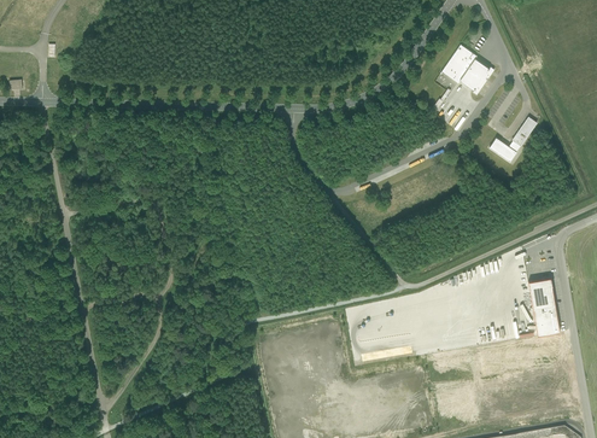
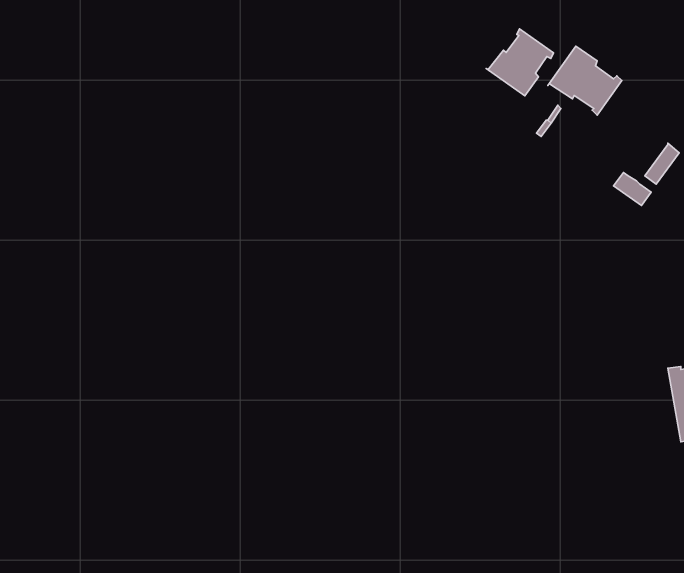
building: none -> [486,29,553,96]

